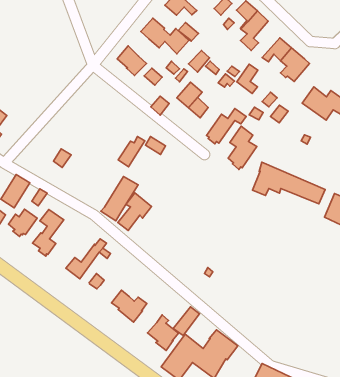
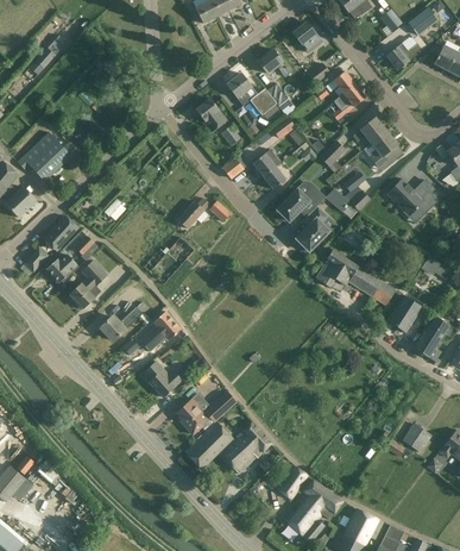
building: [118,193,152,230] -> [141,311,181,350]

